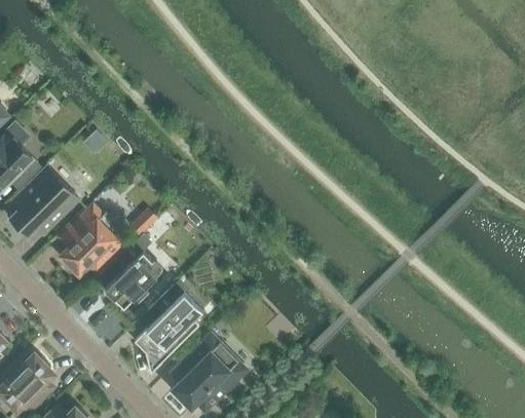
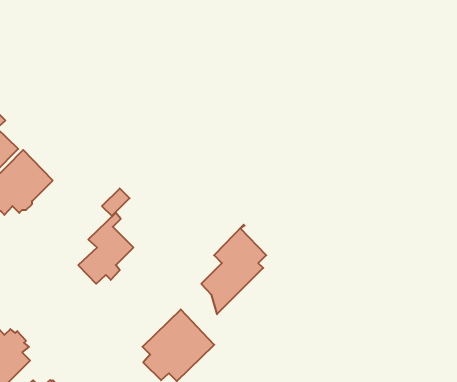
building: [62,206,127,272] -> none
building: [135,279,202,373] -> [201,225,266,314]

